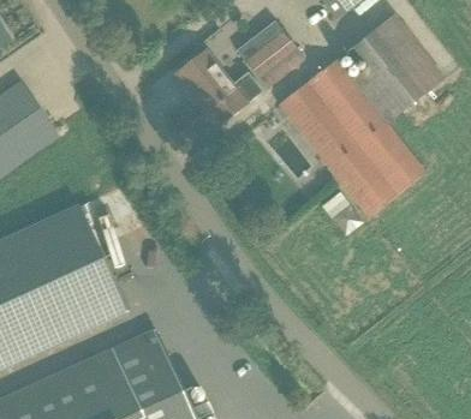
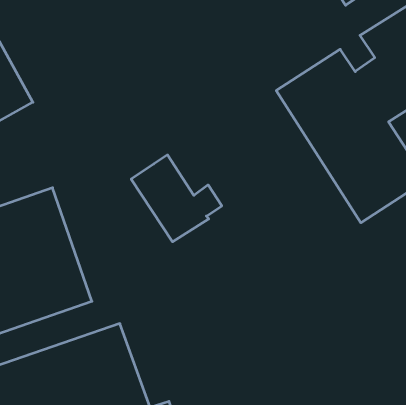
building: [244,30,304,88] -> none
building: [173,48,258,127] -> [131,155,222,242]

